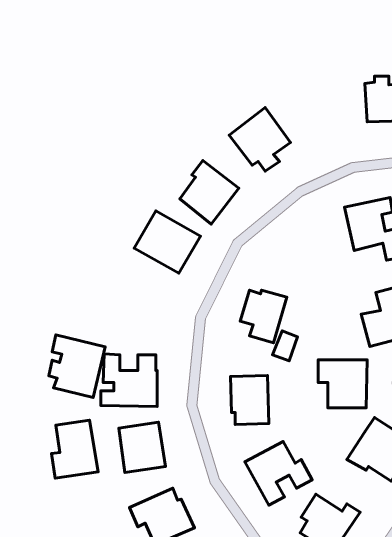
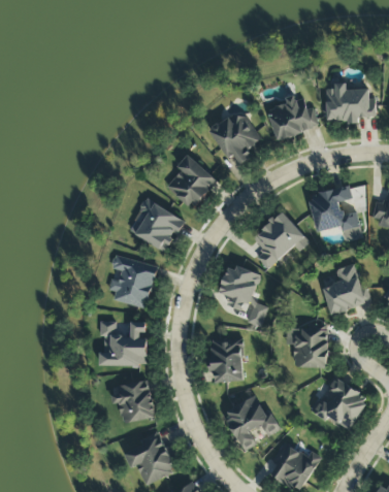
building: none -> [267,93,319,139]
building: none -> [253,210,311,268]
building: [49,335,105,397] -> [108,254,157,307]
building: [51,420,98,478] -> none

